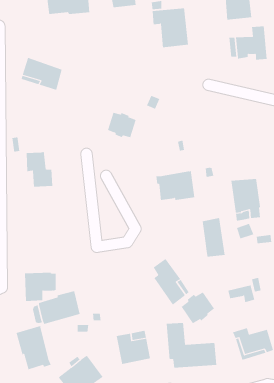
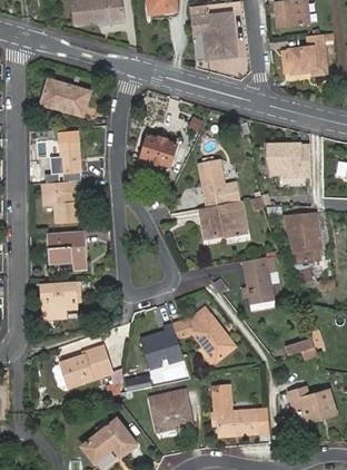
building: none -> [58,130,81,183]
building: none -> [268,143,311,178]
building: none -> [197,163,237,210]
building: none -> [44,225,83,265]
building: none -> [142,323,186,368]
building: [24,272,56,302] -> [40,278,78,313]
building: [181,291,215,324] -> none
building: [16,325,51,370] -> none

